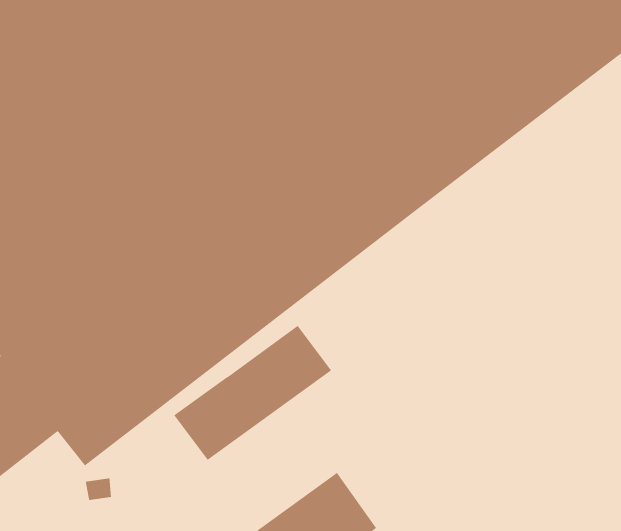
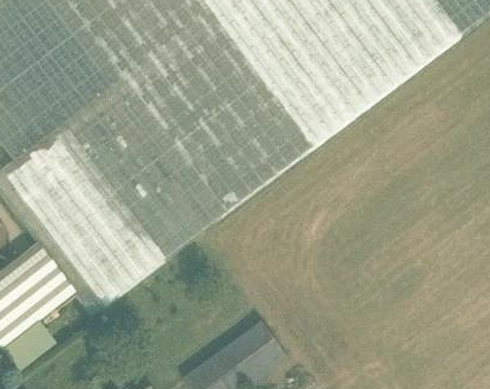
building: [173,325,332,461] -> none

